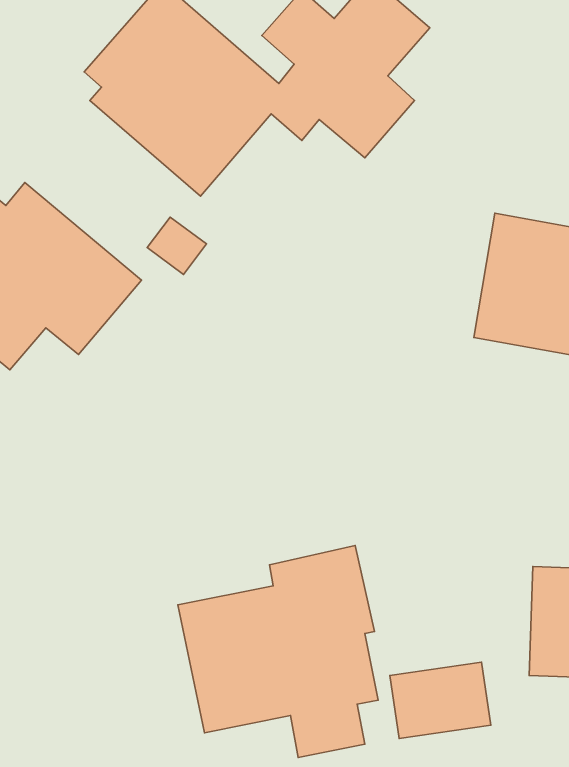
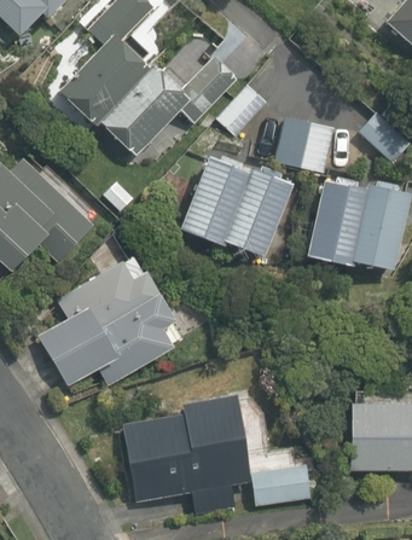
building: none -> [279,118,336,173]
building: none -> [180,151,294,261]
building: none -> [35,248,174,387]

